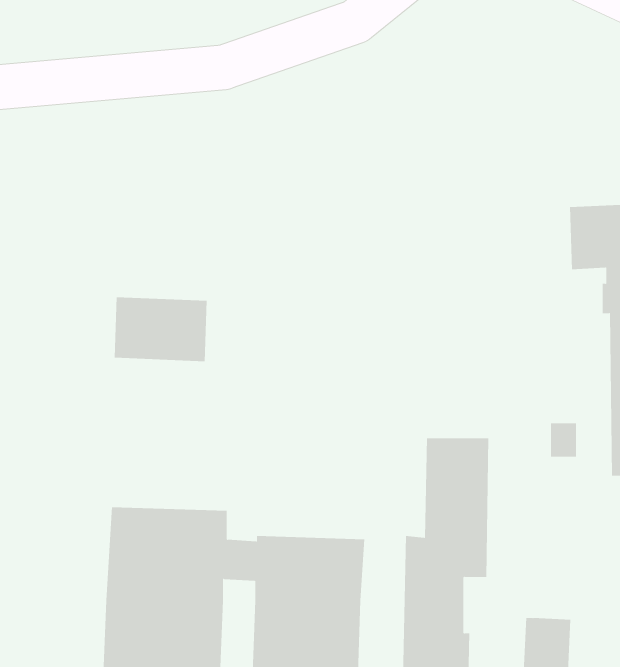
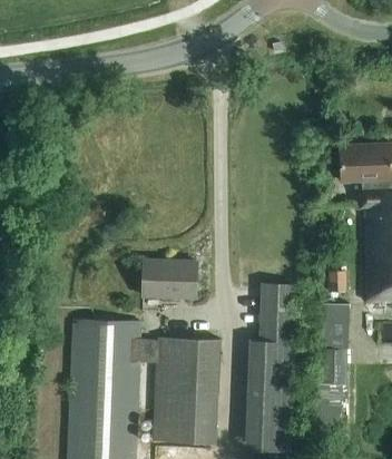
building: [114,297,207,362] -> [144,261,198,299]
building: none -> [320,304,350,385]

